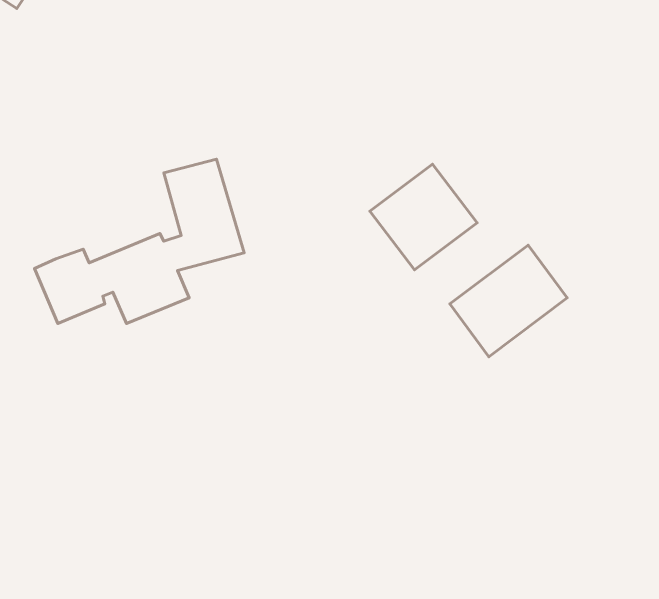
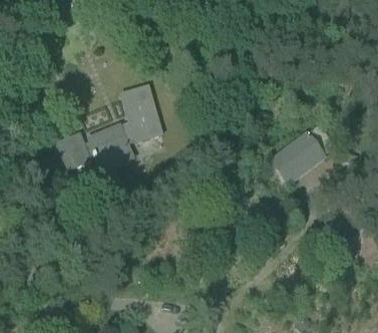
building: [370,164,477,270] -> none

